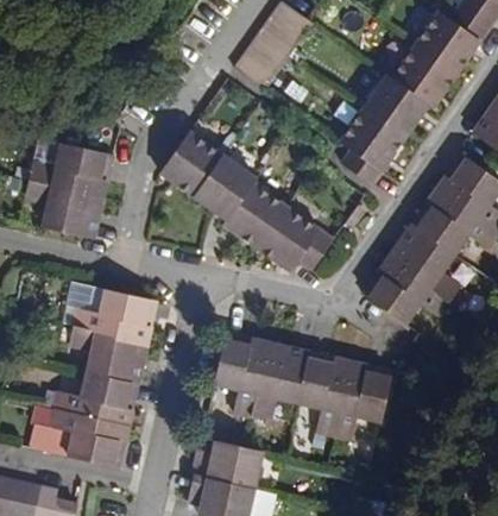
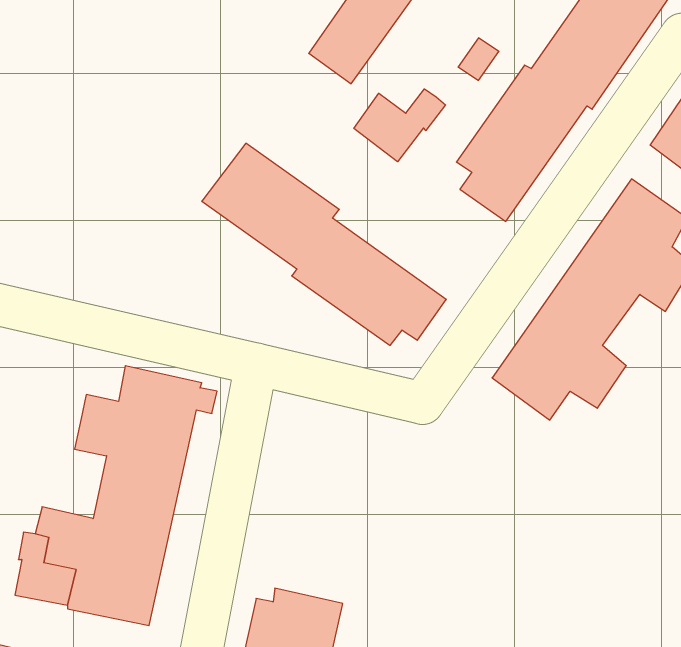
building: none -> [354,89,446,162]
building: [25,144,112,241] -> none
building: [64,279,107,323] -> none
building: [213,334,390,441] -> none

